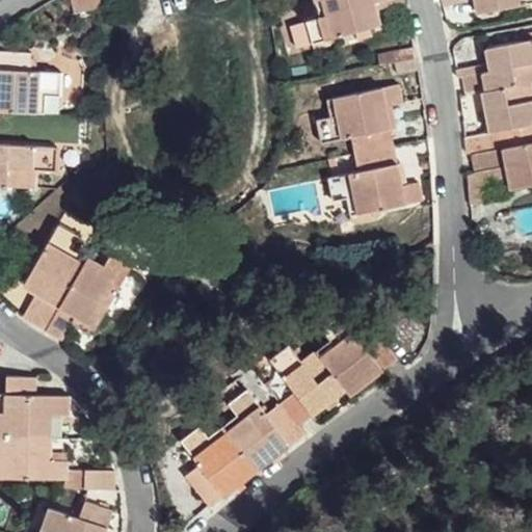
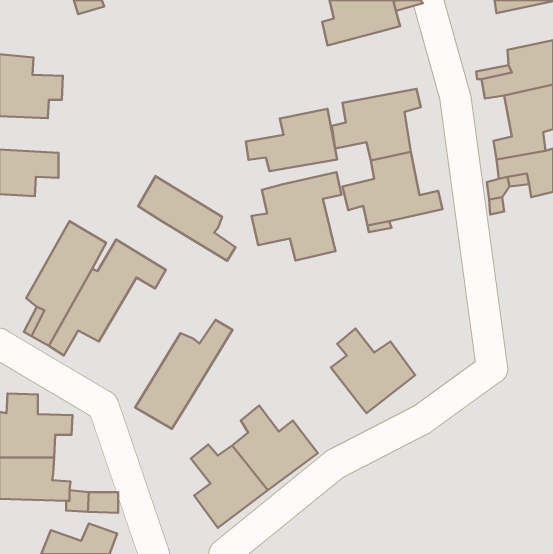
building: none -> [246,109,337,171]
building: none -> [252,172,341,261]
building: none -> [138,176,235,261]
building: none -> [135,320,232,429]
building: [271,346,346,426] -> none

